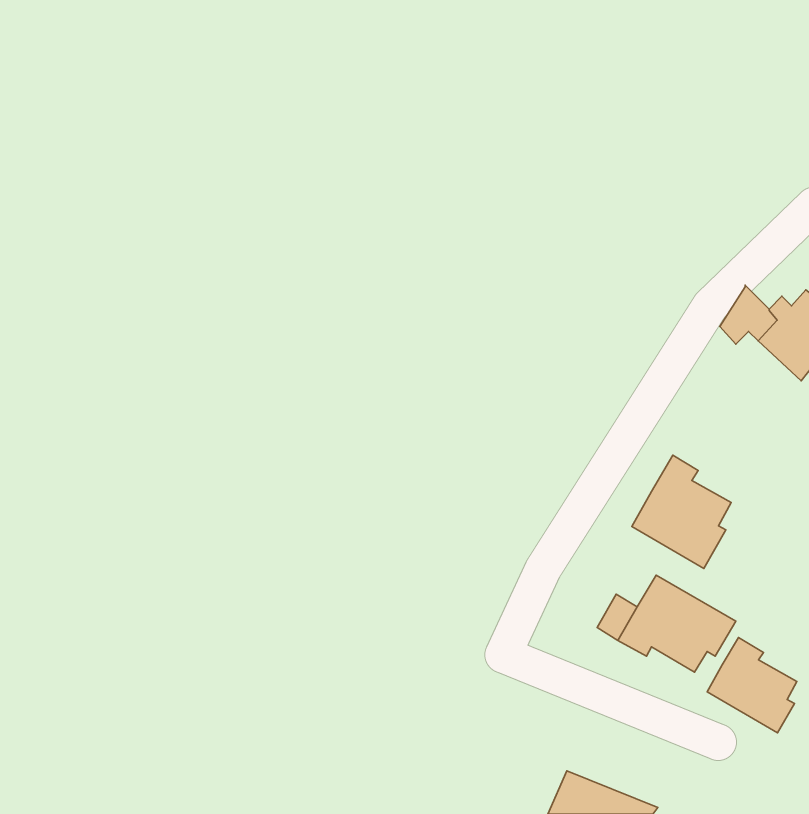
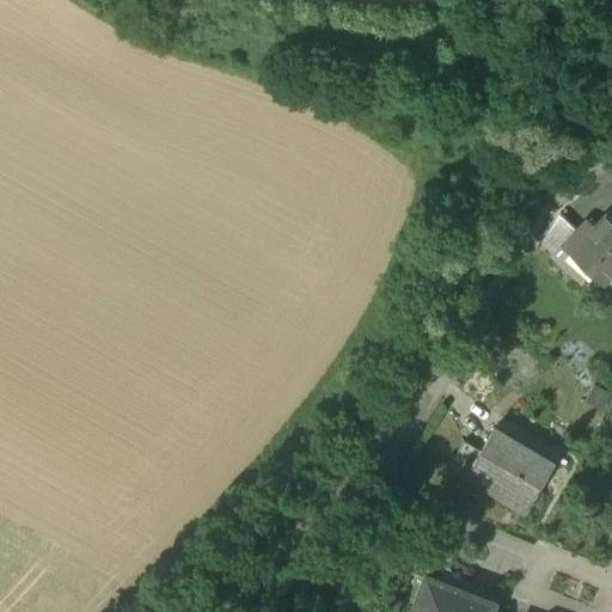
building: [632,455,731,568] -> none
building: [707,637,797,733] -> none

